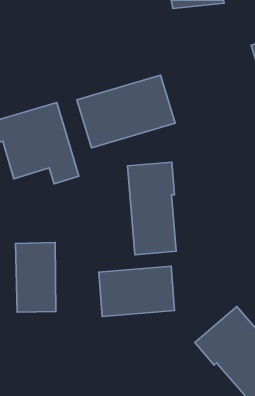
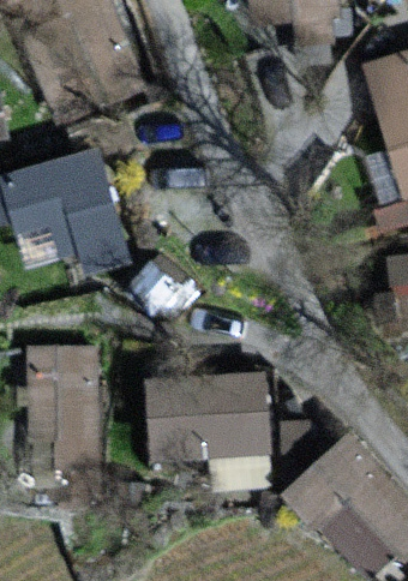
building: [77,75,175,148] -> none
building: [128,162,176,255] -> none

